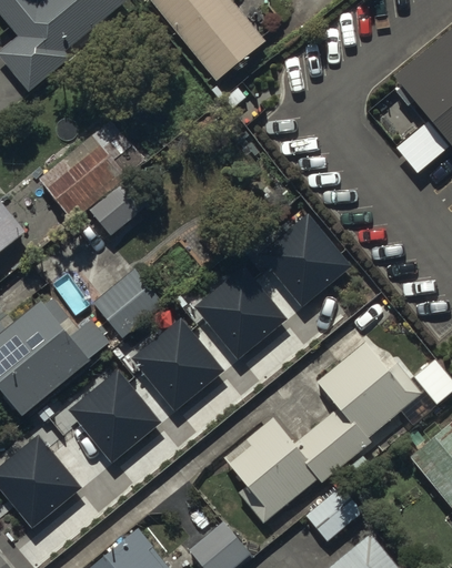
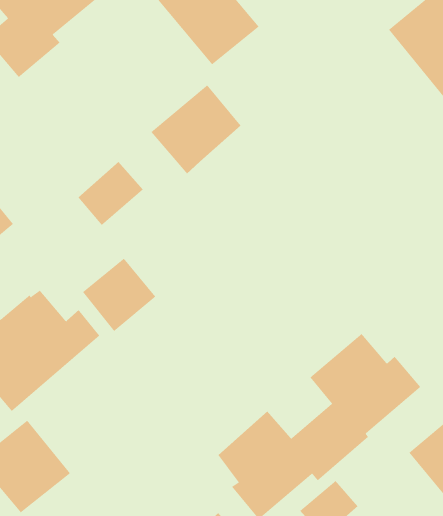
building: [39,138,128,225] -> [150,84,242,174]
building: [259,207,350,300] -> none
building: [195,261,287,352] -> none
building: [132,312,223,404] -> none
building: [69,364,161,456] -> none

